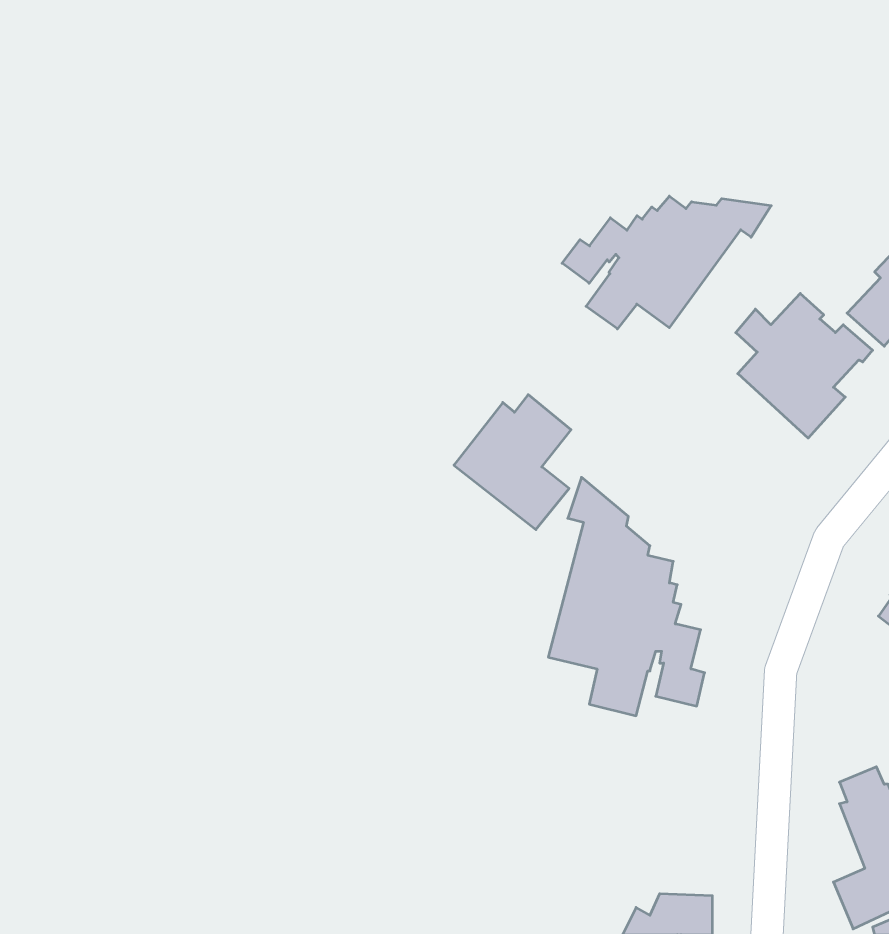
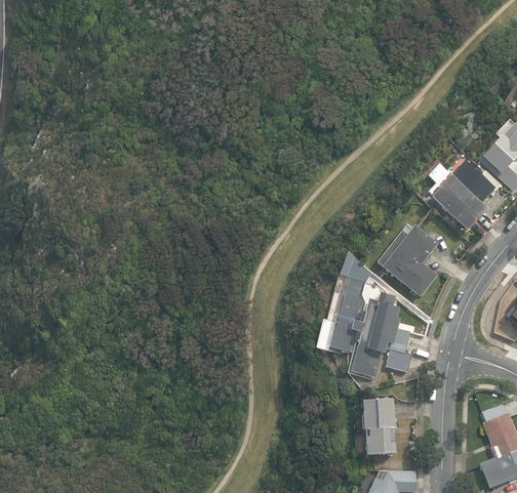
building: [562,196,771,329] -> none
building: [454,395,571,530] -> [375,225,437,296]
building: none -> [361,399,396,455]

